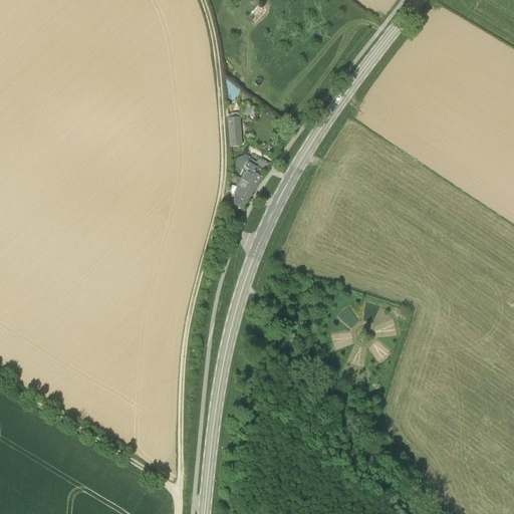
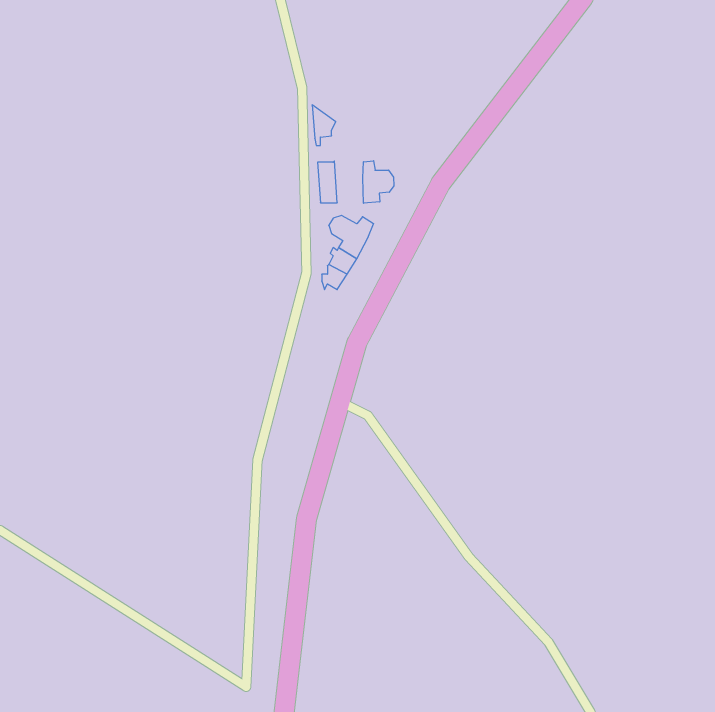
building: none -> [363,161,394,203]

